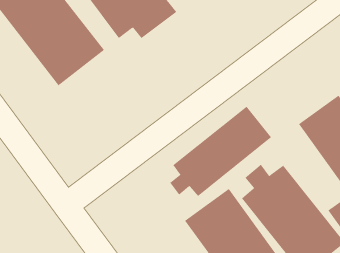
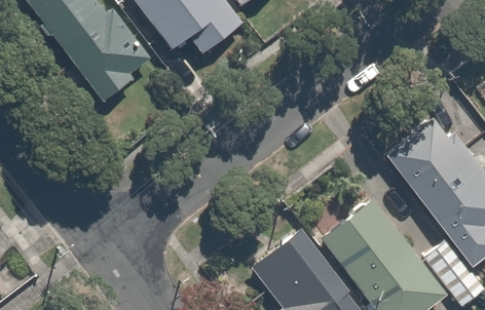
building: [169,106,272,197] -> none

